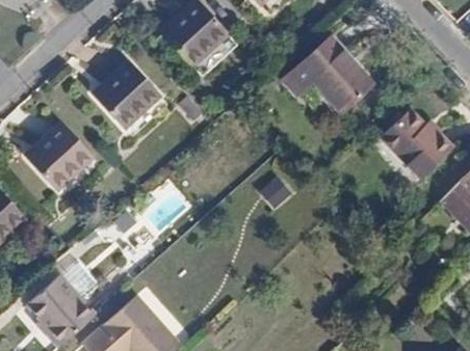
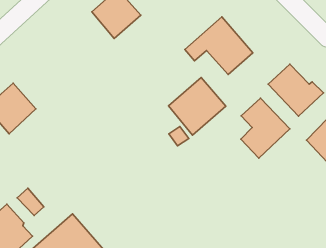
building: [95,62,159,129] -> none
building: none -> [169,78,226,135]
building: none -> [241,98,290,158]

